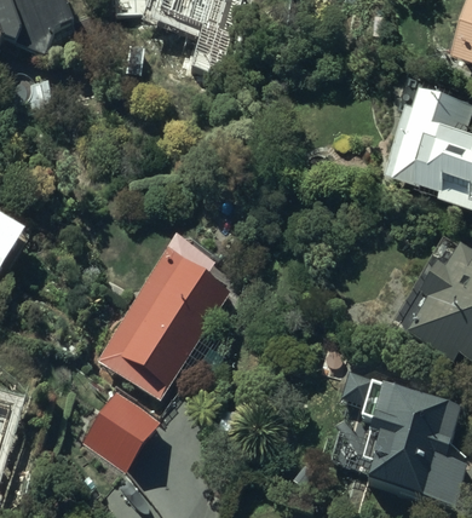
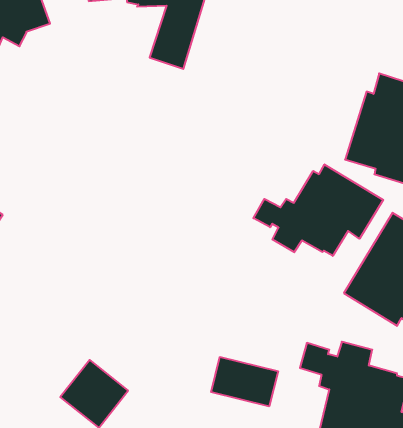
building: none -> [253,164,383,256]
building: [98,238,230,395] -> none
building: none -> [211,357,278,406]

